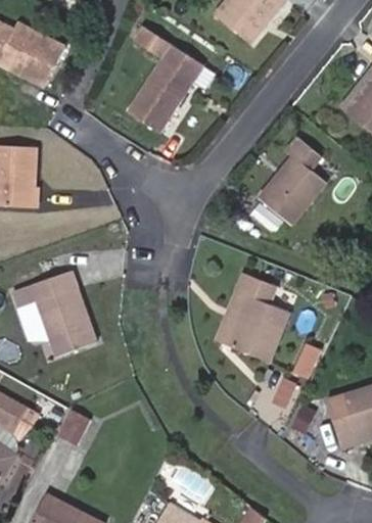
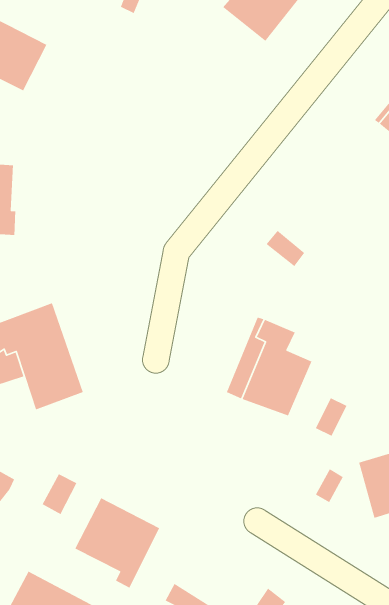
building: [128,26,202,132] -> none
building: [260,137,325,223] -> none
building: none -> [74,497,160,589]

